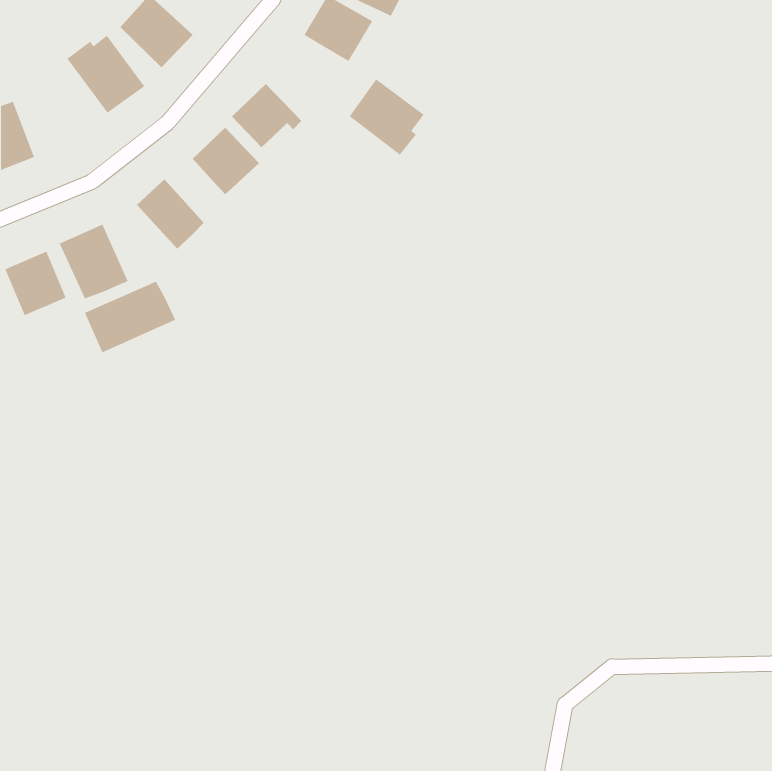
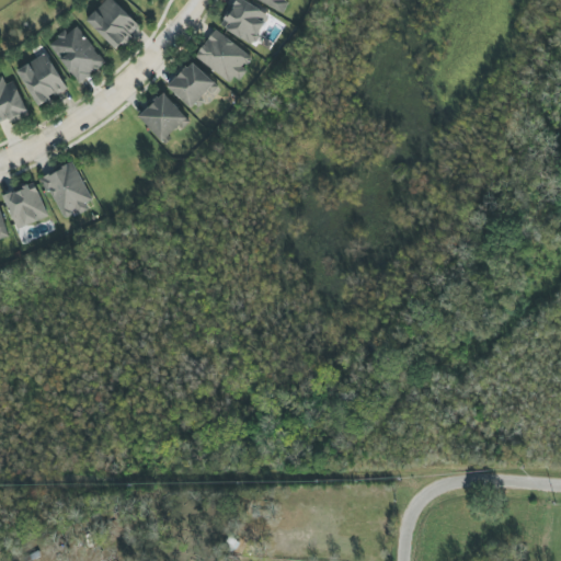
building: none -> [18,53,66,106]
building: [349,78,424,156] -> [195,28,250,84]
building: [136,179,204,249] -> none
building: [84,281,176,353] -> none

